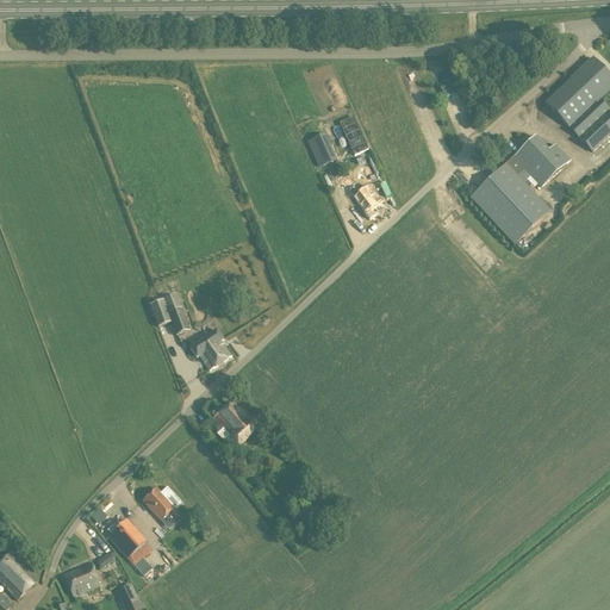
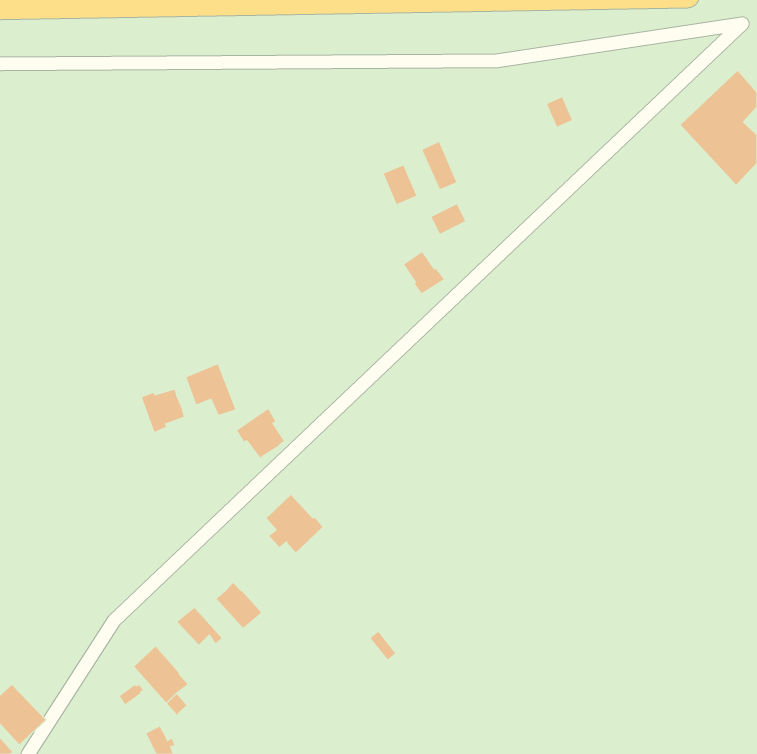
building: [468,133,569,243] -> none
building: [355,182,388,217] -> [403,251,445,294]
building: none -> [141,389,184,433]
building: none -> [216,582,262,629]
building: [63,562,98,595] -> none

